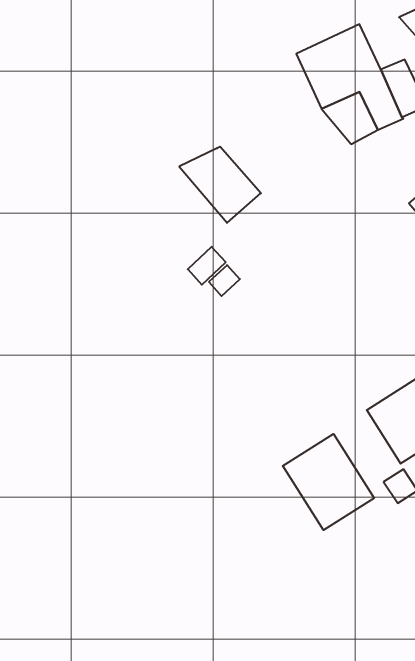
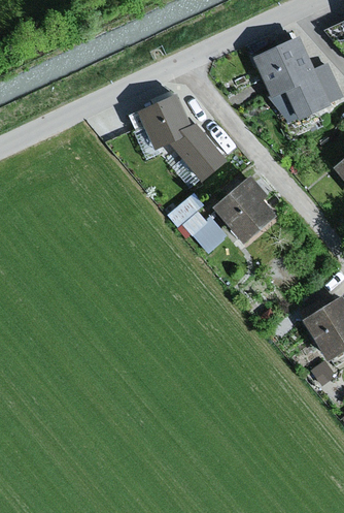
building: none -> [130,89,194,147]
building: none -> [211,174,275,243]
building: [283,434,374,530] -> none

